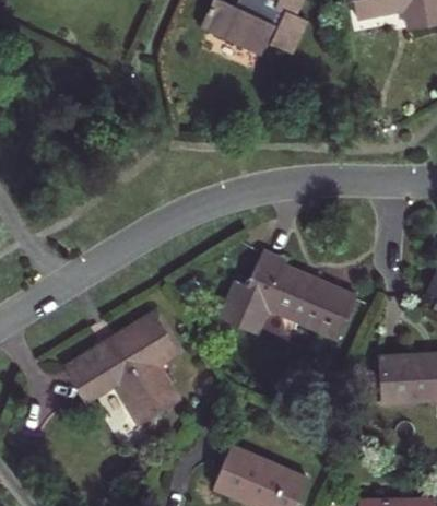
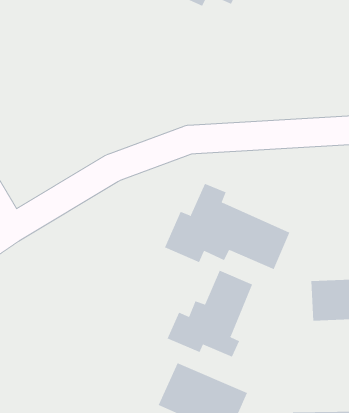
building: [63,310,184,425] -> none
building: none -> [167,270,253,358]

